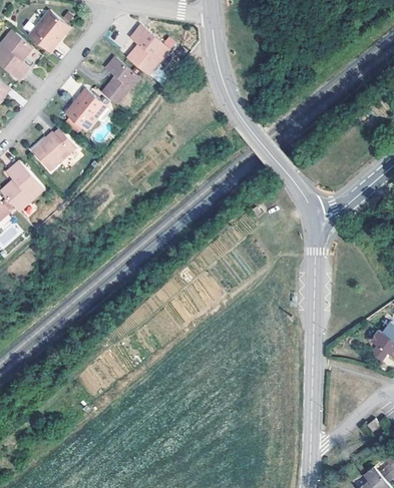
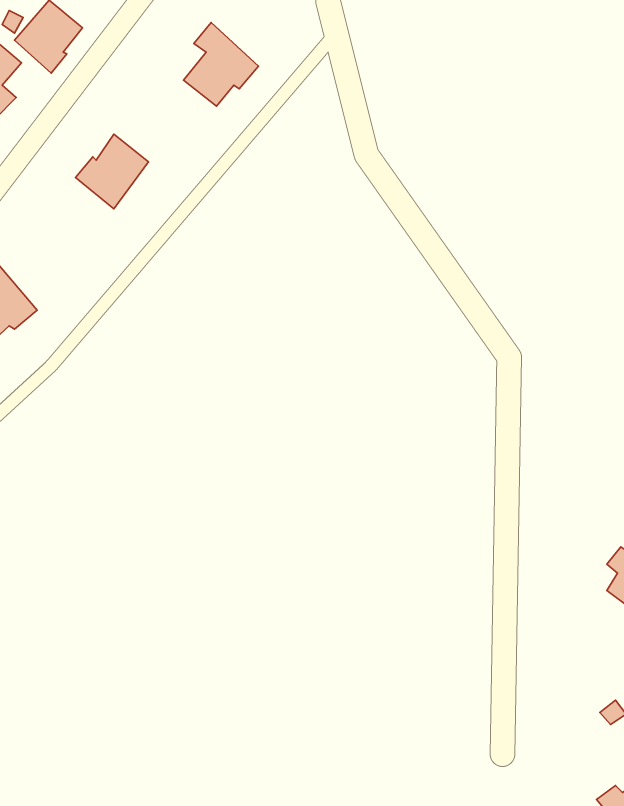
building: [100,56,136,102] -> none
building: [30,129,74,170] -> none

